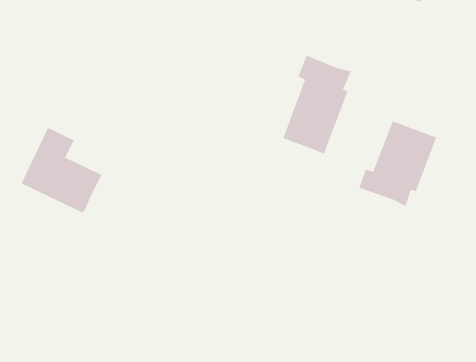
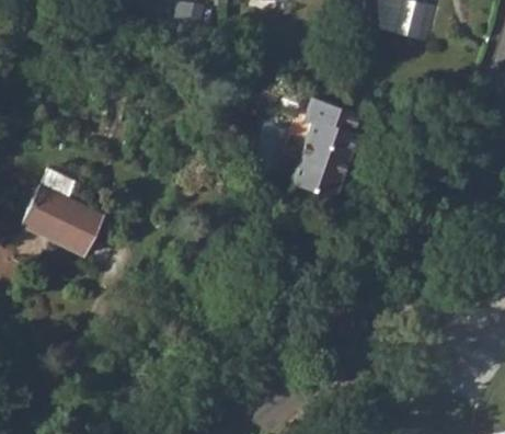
building: [359,121,437,207] -> none

